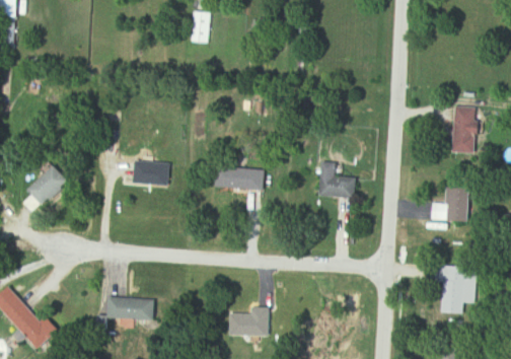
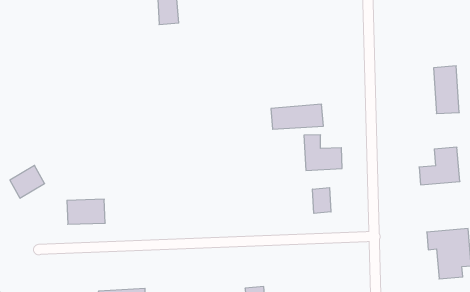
building: [132,160,169,186] -> [67,199,105,224]
building: [216,168,266,190] -> [271,104,323,129]
building: none -> [313,188,331,213]

